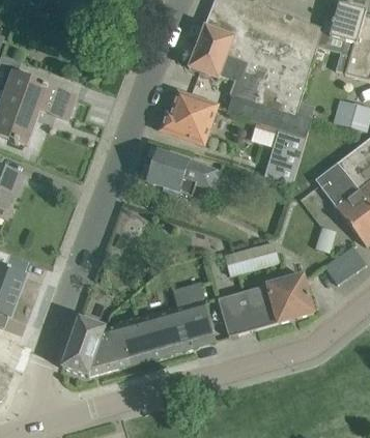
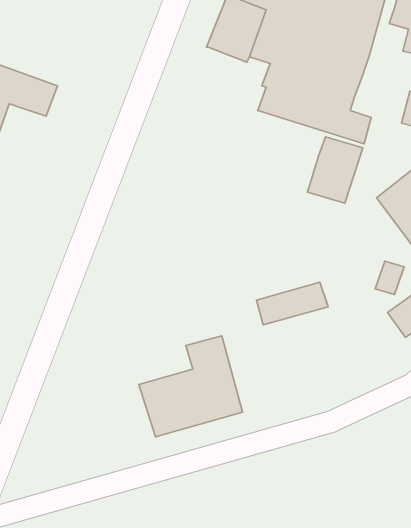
building: [161,90,217,143] -> none
building: [147,150,219,199] -> none
building: [218,273,313,335] -> none
building: [61,316,149,375] -> none

